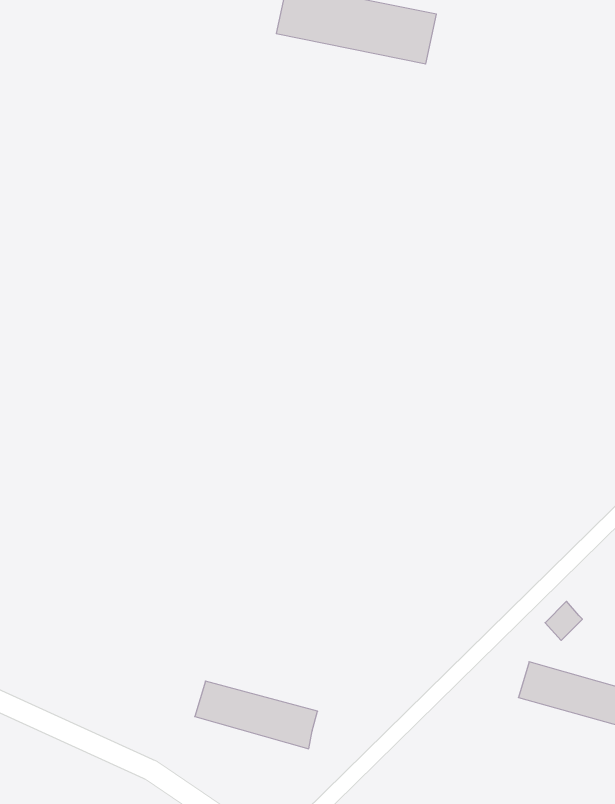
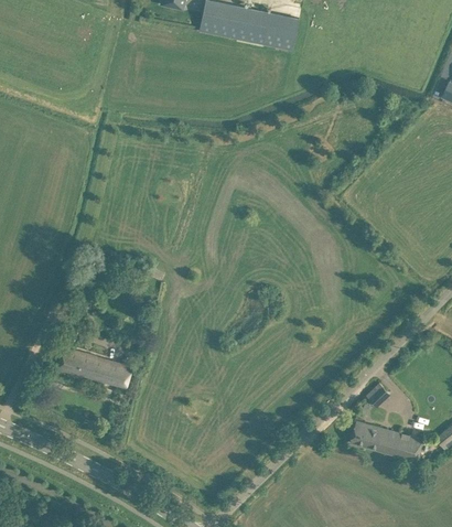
building: [195,681,318,749] -> [56,346,132,388]

